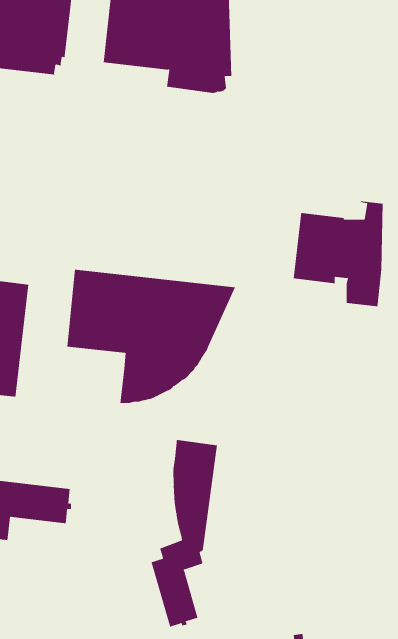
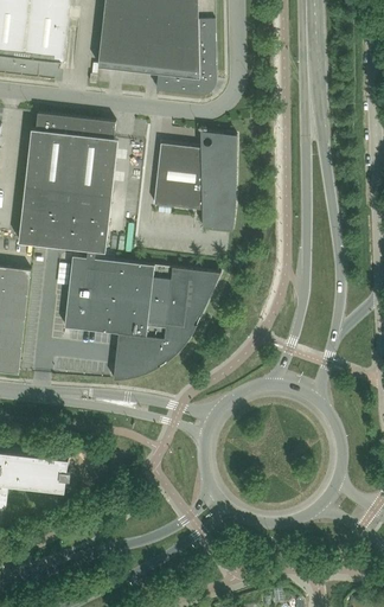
building: none -> [18,113,117,253]
building: [293,201,383,307] -> [153,133,236,230]
building: [151,439,217,628] -> none

